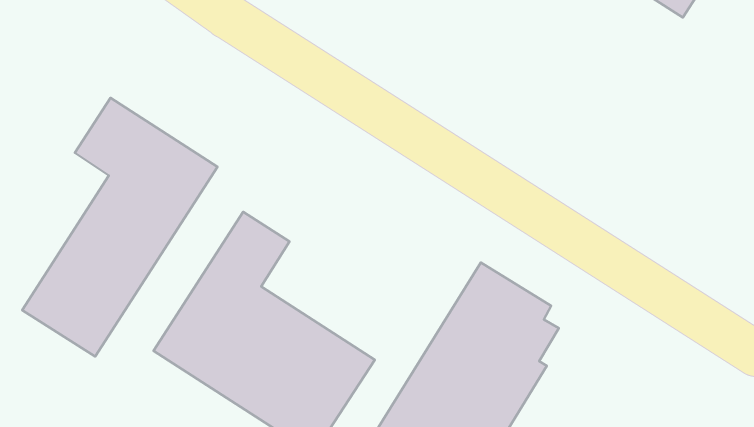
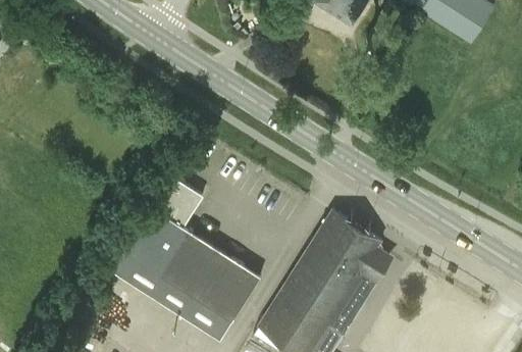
building: [22,98,217,357] -> none

